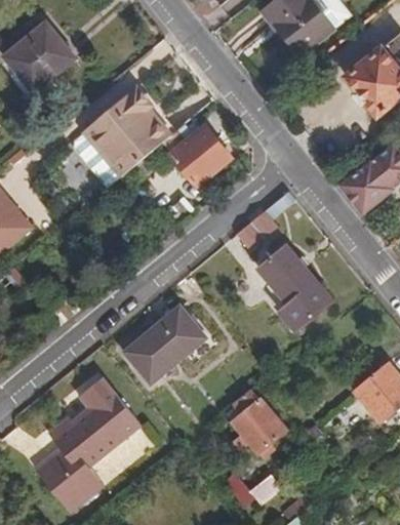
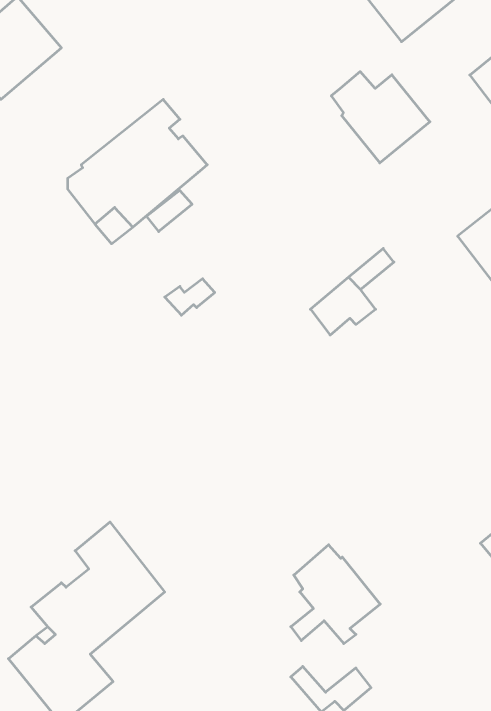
building: [163,124,230,186] -> [331,72,430,163]
building: [261,246,332,330] -> none
building: [125,310,202,381] -> none

